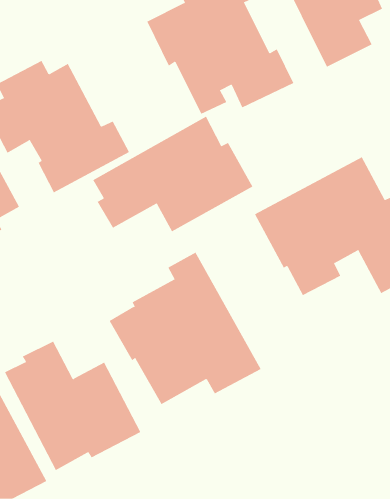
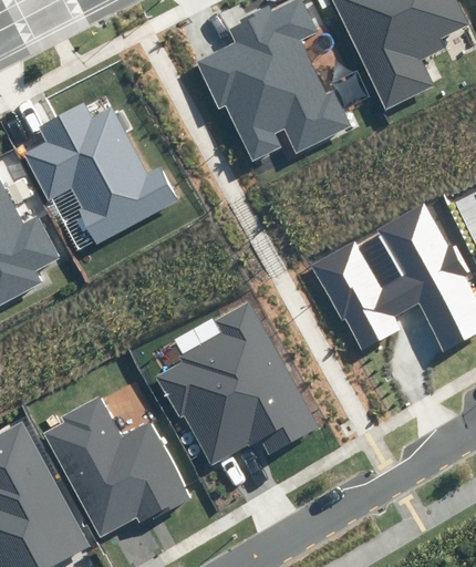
building: [92,116,253,232] -> none

